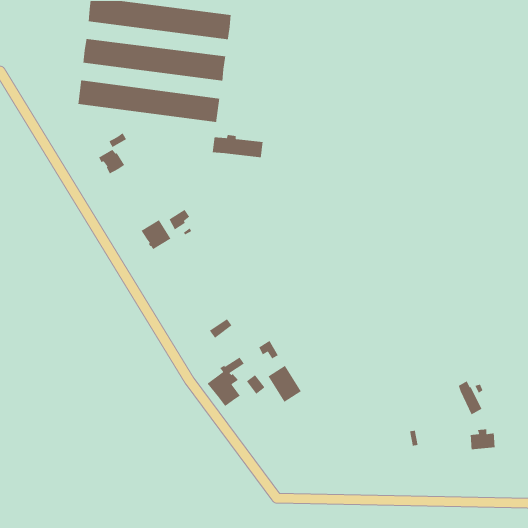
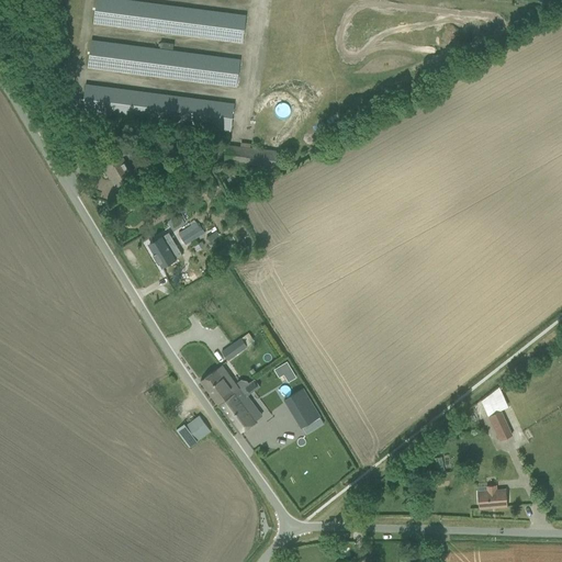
building: none -> [201,364,238,407]
building: none -> [177,416,211,447]
building: [470,428,496,450] -> [479,485,506,508]

